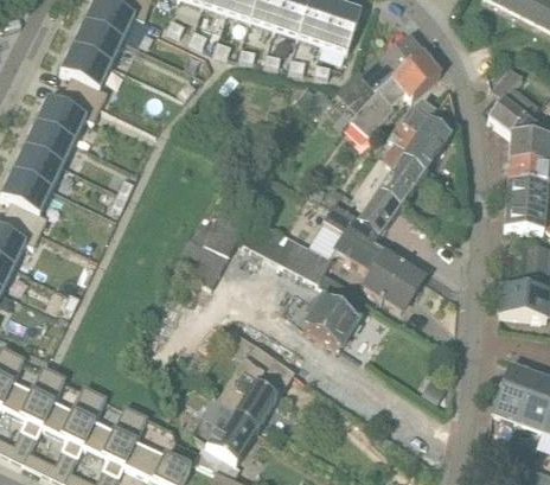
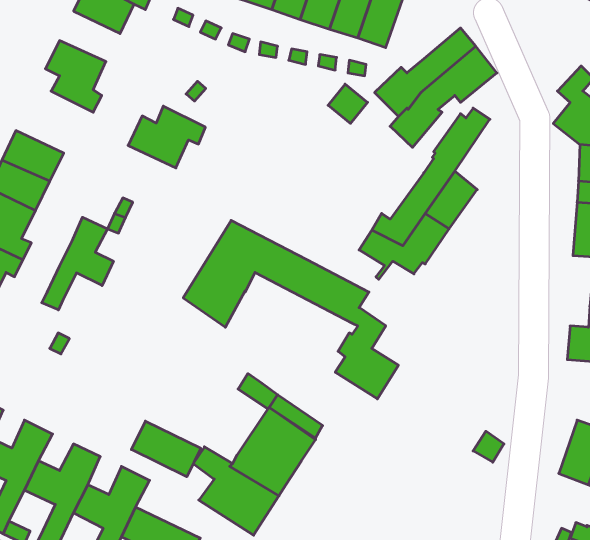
building: [71,21,122,64] -> none
building: [34,89,100,141] -> [128,106,205,168]
building: [404,104,454,172] -> none
building: none -> [42,217,113,310]
building: [340,232,422,309] -> none
building: none -> [131,421,201,477]

